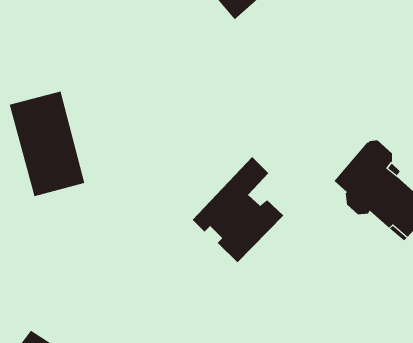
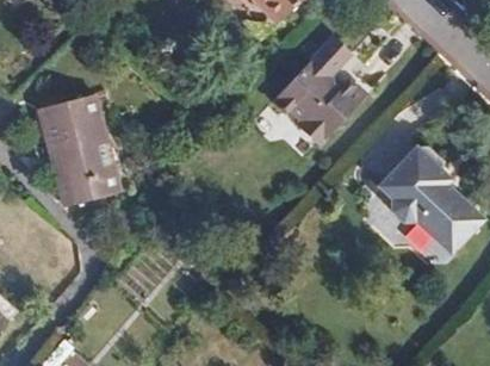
building: [192,156,284,263] -> [271,37,367,149]

